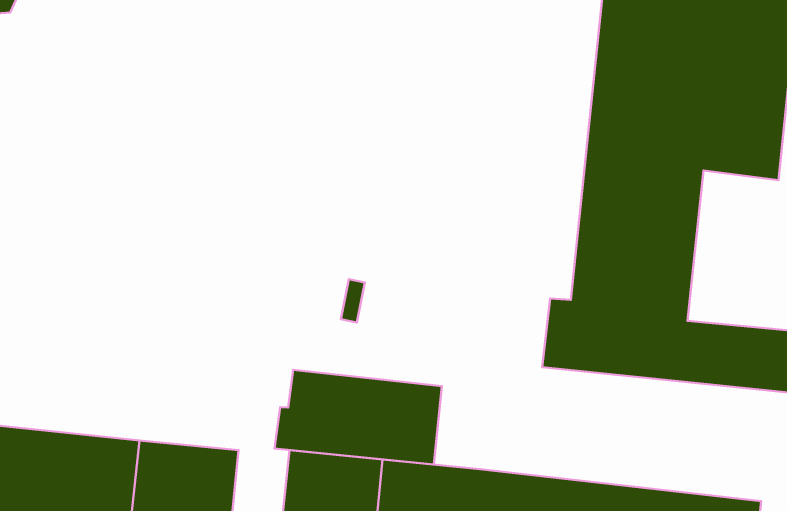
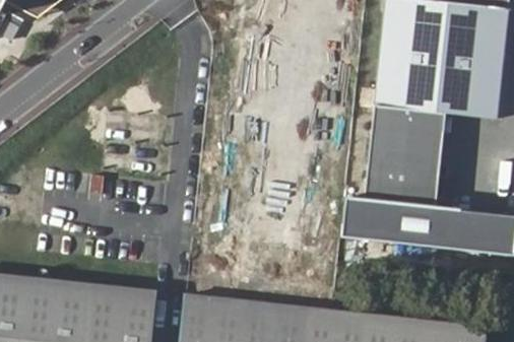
building: [274,370,442,464] -> none

